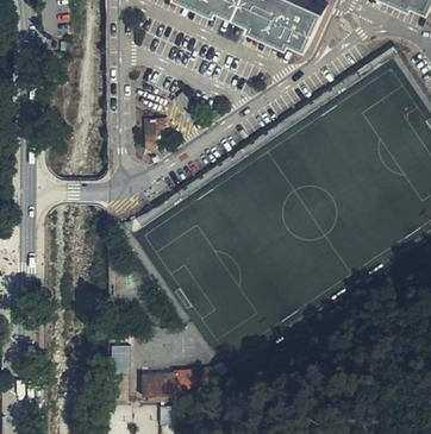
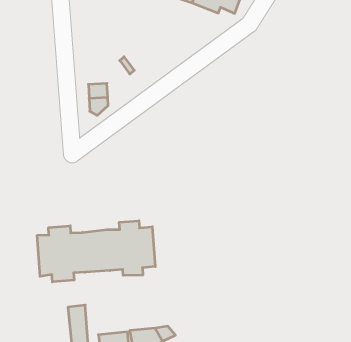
building: none -> [37,221,155,282]

